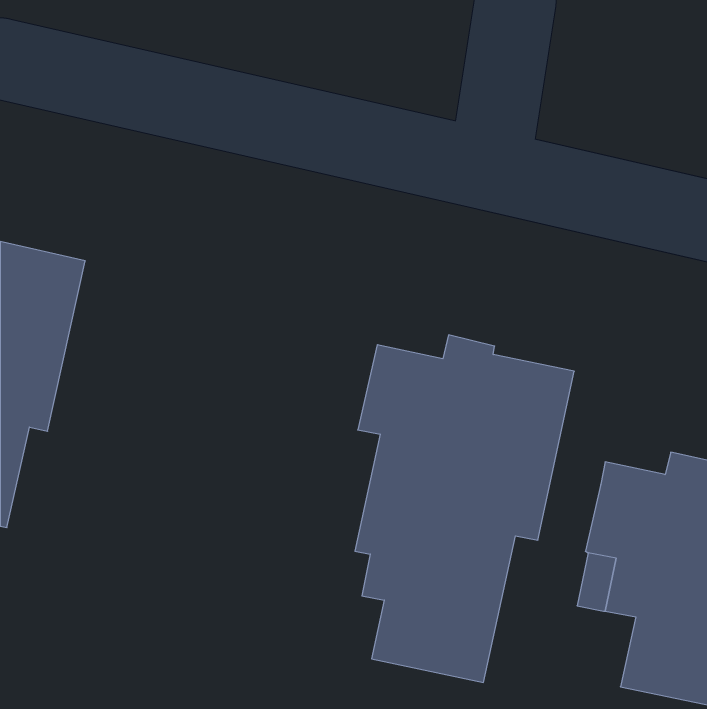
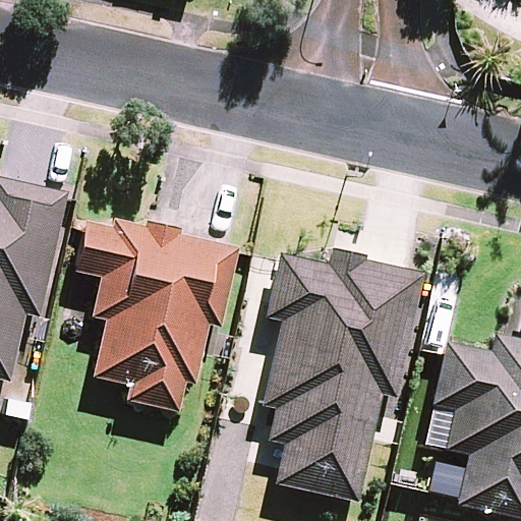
building: none -> [75,220,237,412]

